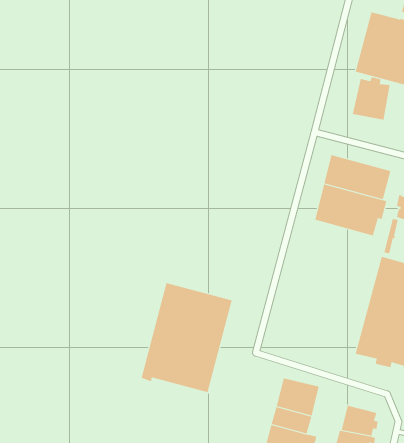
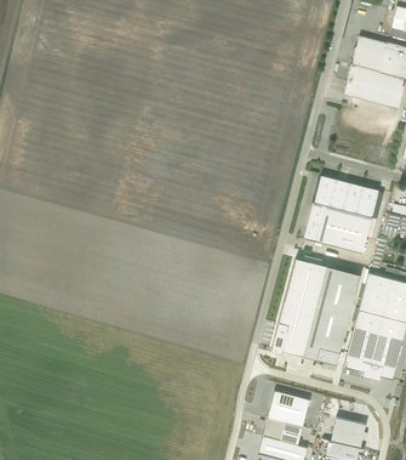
building: [352,77,390,120] -> none
building: [141,283,232,393] -> [271,257,360,364]

